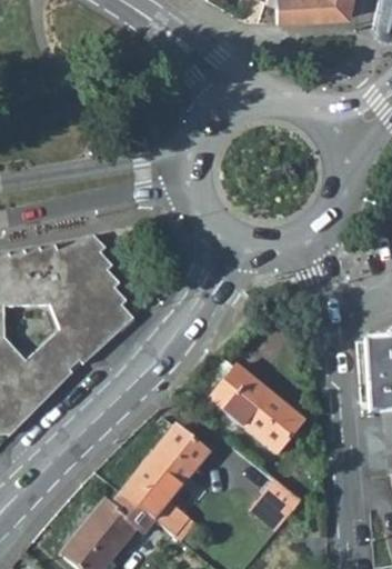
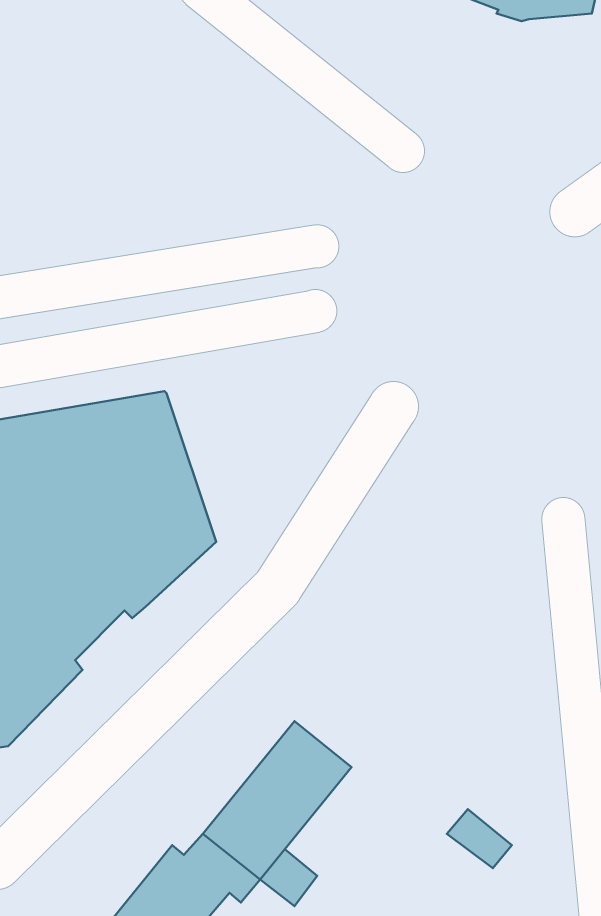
building: [211,366,304,451] -> none

